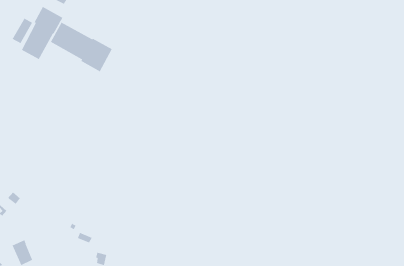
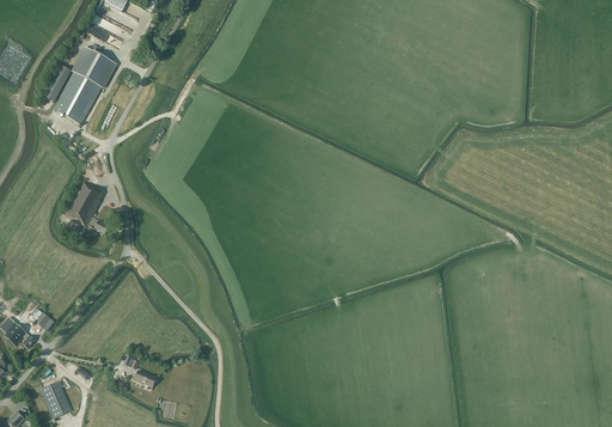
building: [50,21,113,73] -> none
building: none -> [66,182,110,233]

